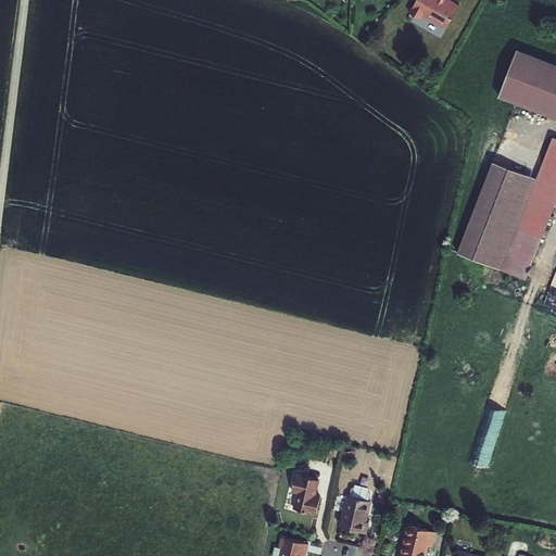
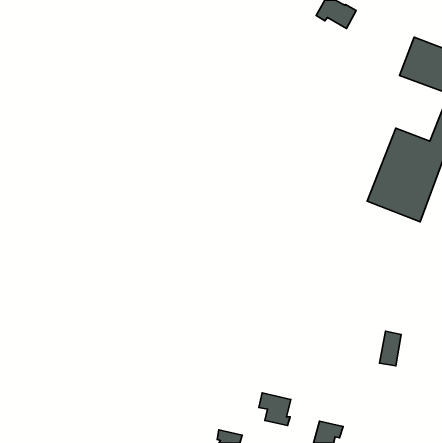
building: [283,476,313,516] -> none

